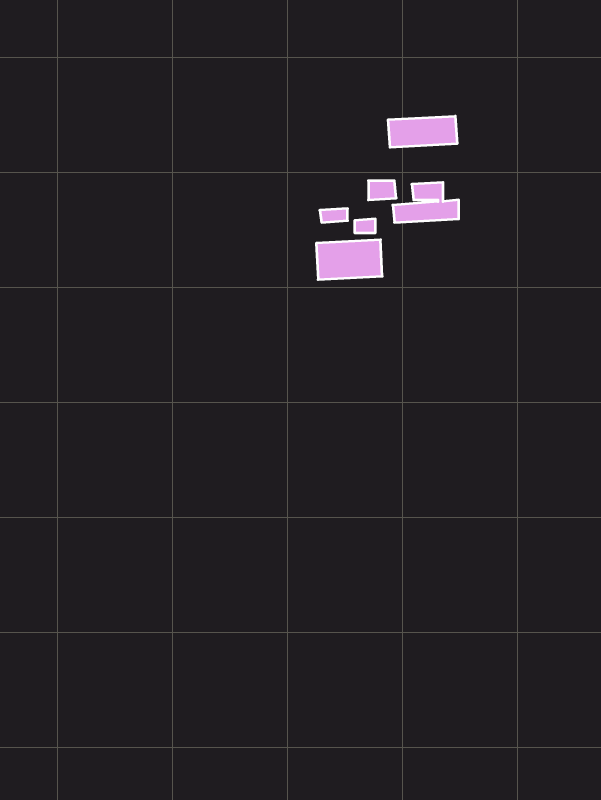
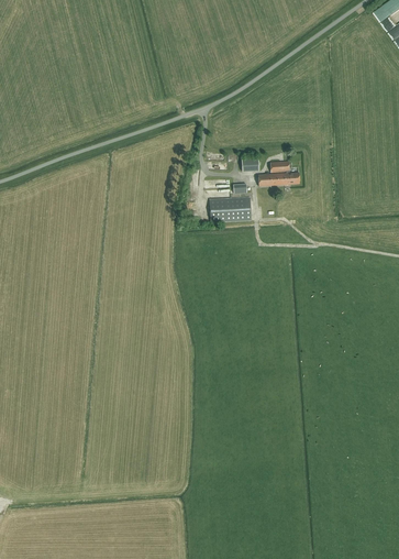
building: [388,116,457,147] -> none

